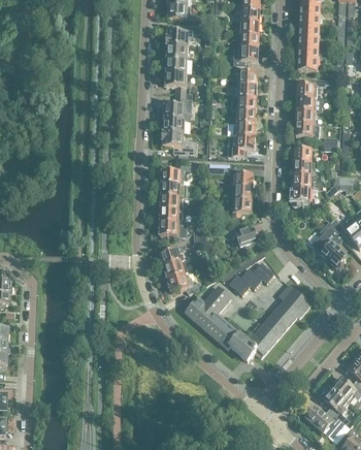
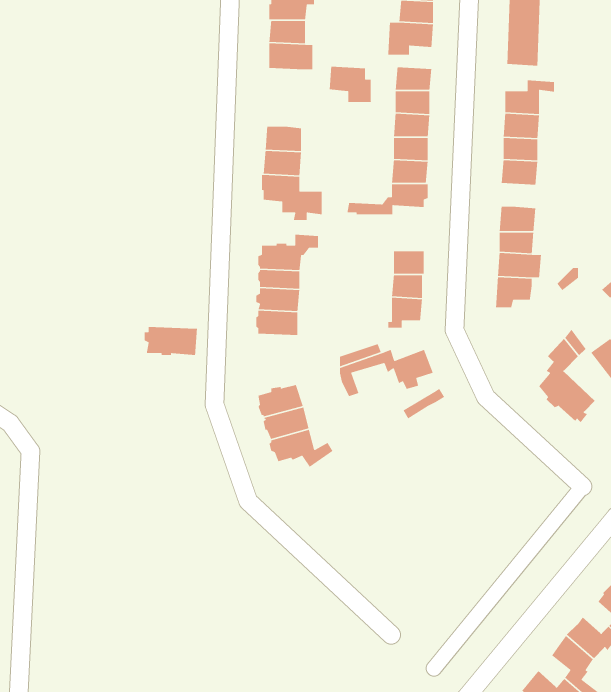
building: [165,71,191,92] -> [329,66,375,103]
building: [158,219,188,235] -> [144,326,198,356]
building: [228,261,274,294] -> none
building: [186,282,310,362] -> none

